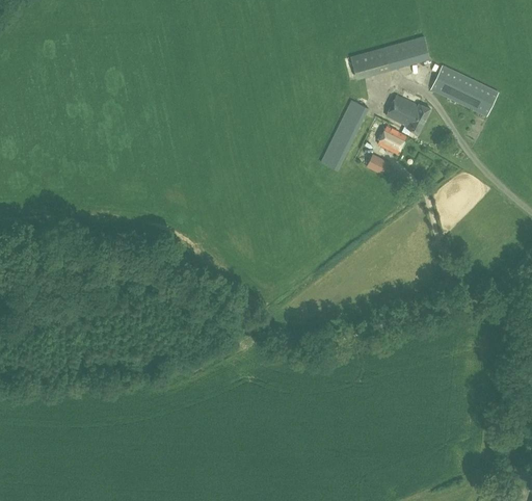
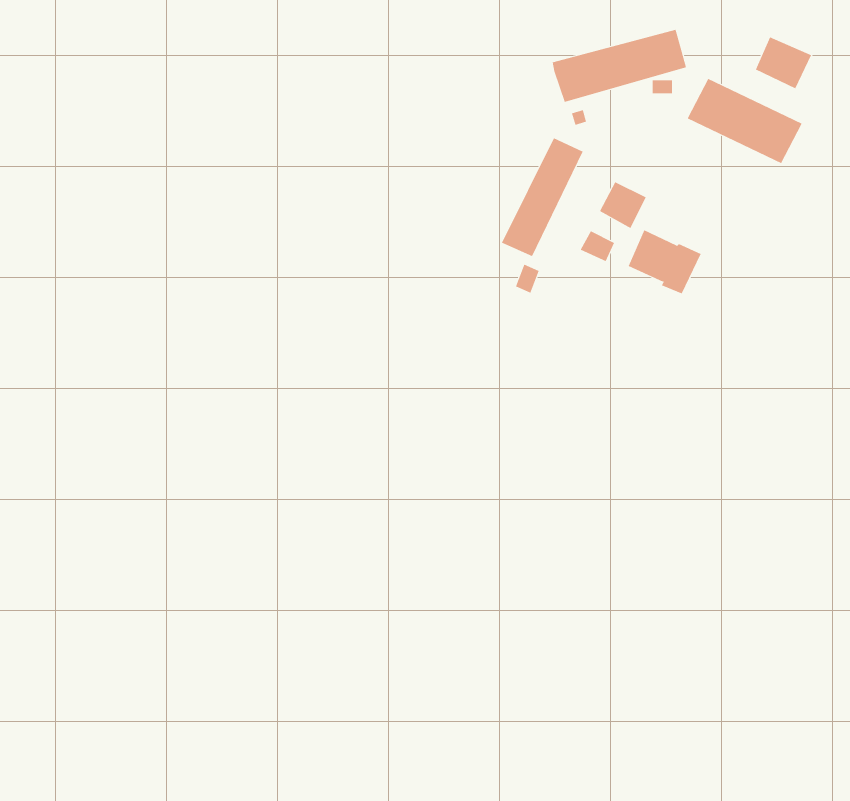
building: none -> [755,37,812,89]
building: [385,95,429,133] -> [628,229,702,294]

